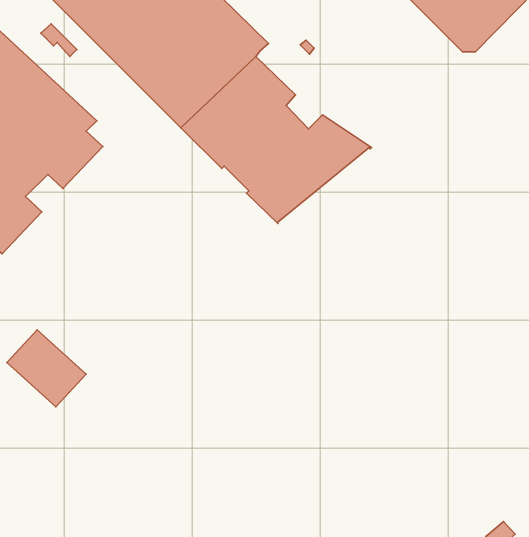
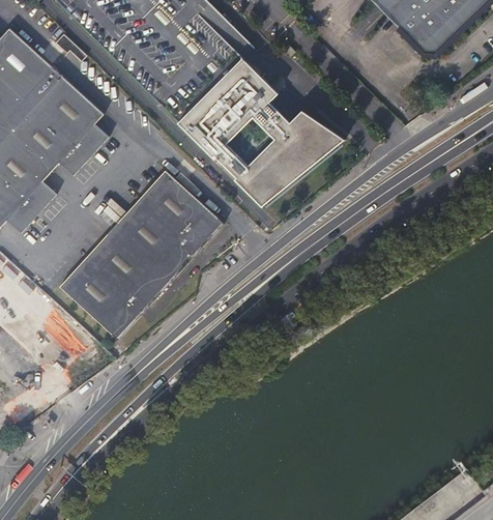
building: none -> [60,171,224,340]

